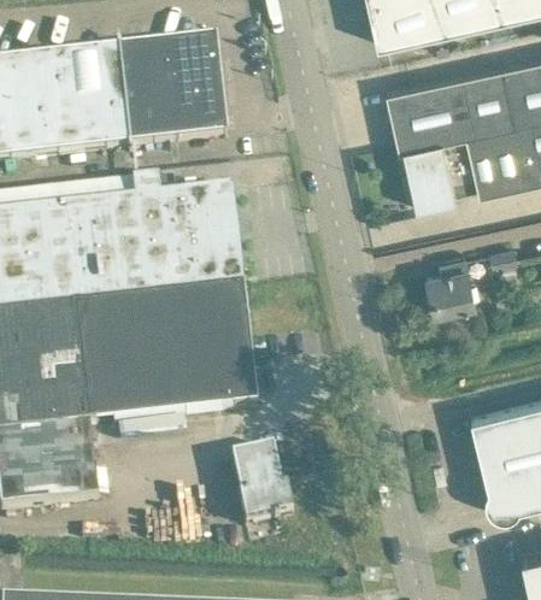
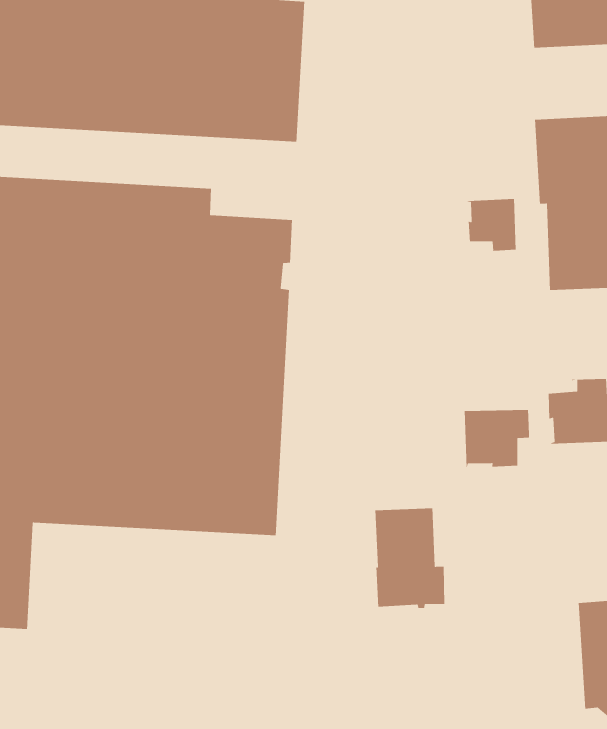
building: none -> [467,198,517,252]
building: none -> [464,409,530,468]
building: [234,451,293,525] -> [375,507,445,609]

